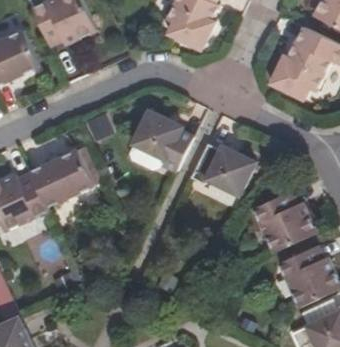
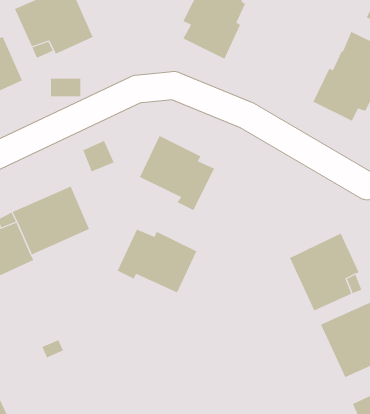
building: [190,143,255,195] -> [117,229,197,293]

